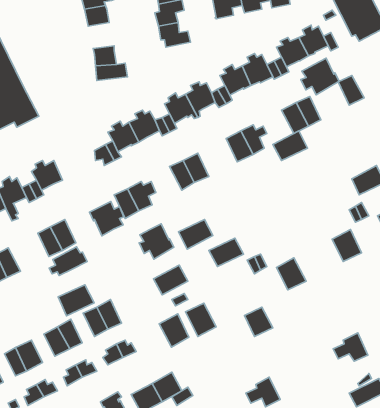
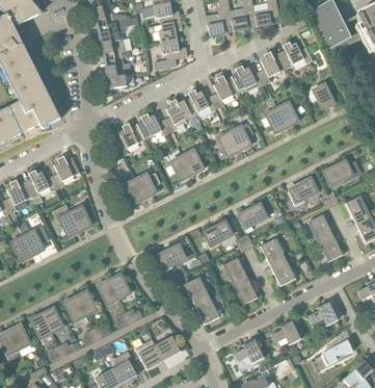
building: none -> [102,38,131,60]
building: [301,58,339,95] -> none
building: [273,131,307,160] -> [289,177,318,202]
building: [89,201,124,236] -> none
building: [179,220,213,249] -> [238,203,267,228]
building: [139,224,174,259] -> none
building: [49,247,87,276] -> none
building: none -> [317,233,343,261]
building: none -> [222,257,248,286]
building: none -> [270,257,296,285]
building: [58,285,94,316] -> none
building: [159,314,189,347] -> [194,295,219,324]
building: none -> [271,319,301,343]

